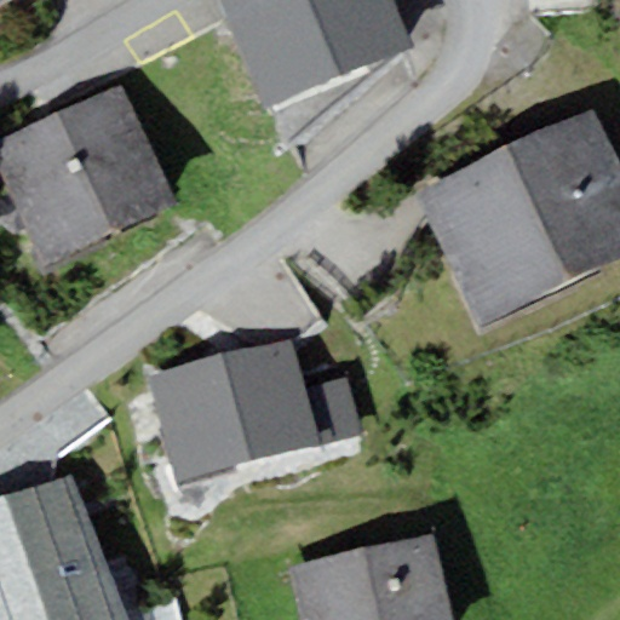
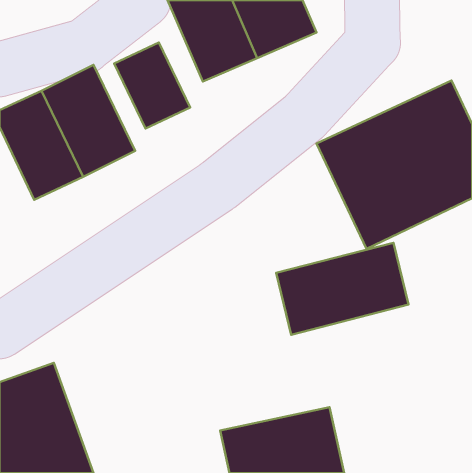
building: none -> [114,43,190,128]
building: none -> [276,243,409,335]
building: [148,339,362,481] -> none

